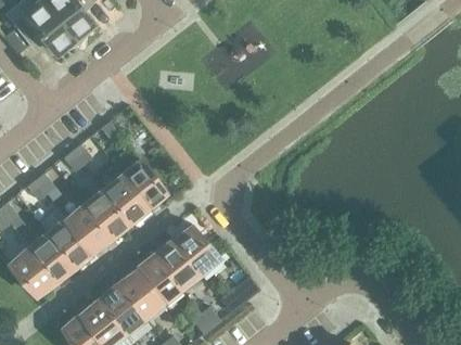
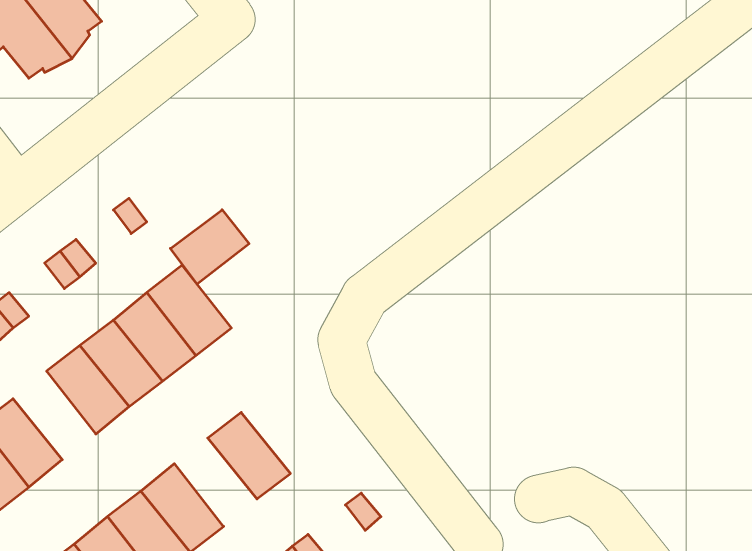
building: none -> [170,210,249,284]
building: [48,217,93,266] -> none
building: [174,225,219,273] -> none
building: [137,254,182,303] -> none

